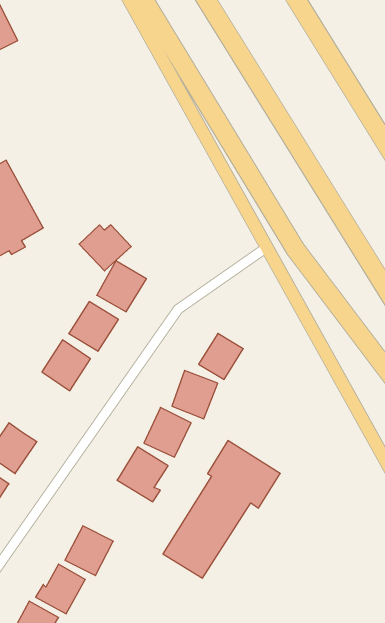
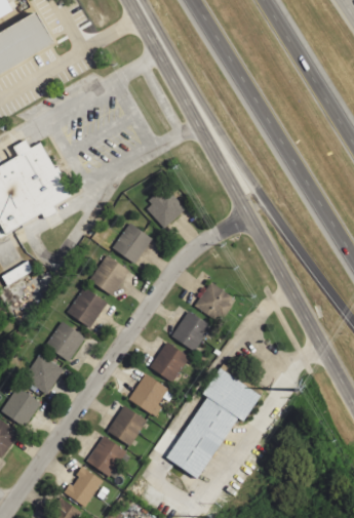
building: [79,225,131,271] -> [145,191,187,228]
building: none -> [47,321,85,360]
building: none -> [108,405,148,446]

